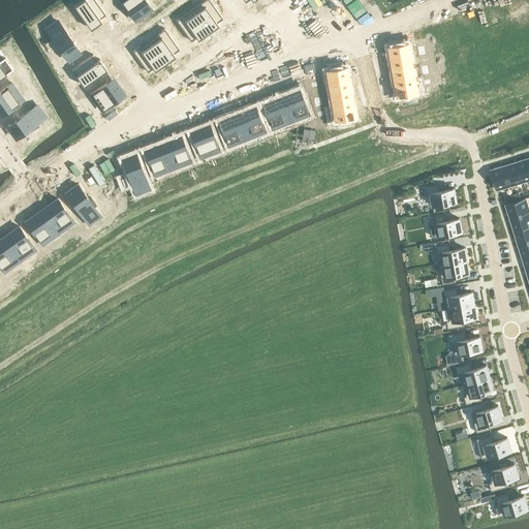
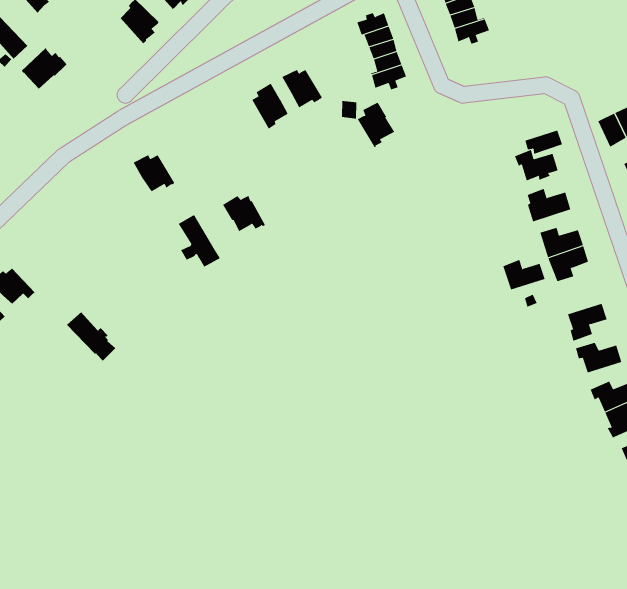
building: [133,42,165,72] -> none
building: [90,81,125,111] -> none
building: [282,90,309,123] -> [357,102,395,148]
building: [219,116,248,145] -> none
building: [190,127,220,154] -> [222,195,266,232]
building: [164,135,190,169] -> none
building: [121,154,150,194] -> [178,214,221,268]
building: [66,185,100,224] -> [66,311,116,362]
building: [44,199,72,235] -> none
building: [444,287,474,309] -> [503,259,545,290]

